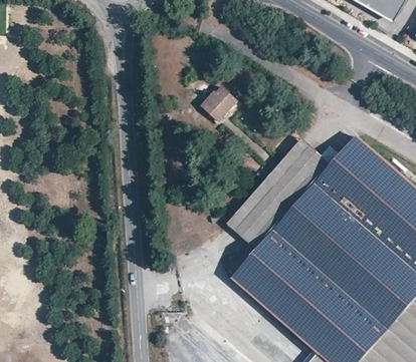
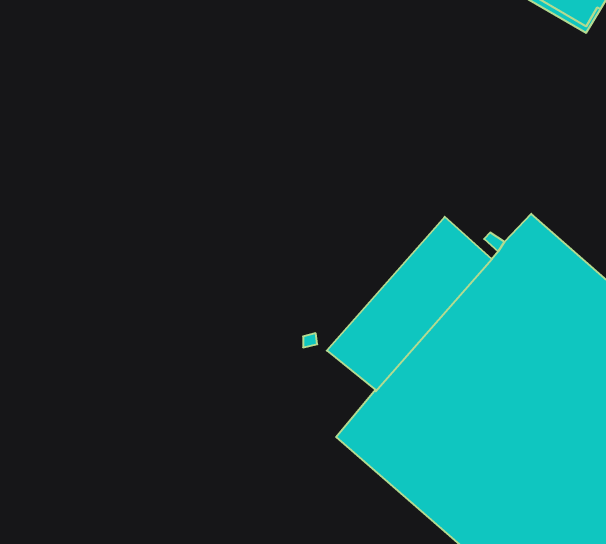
building: [201,85,239,123] -> none

